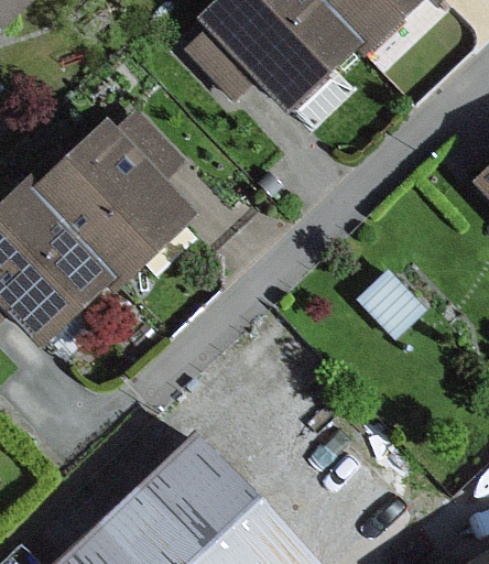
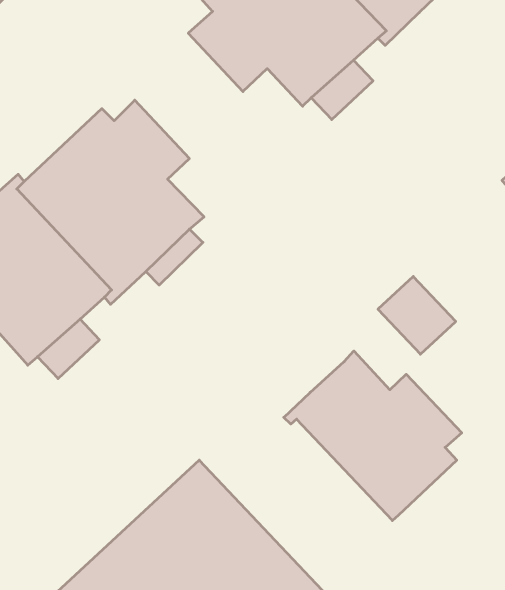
building: none -> [284,351,462,521]

